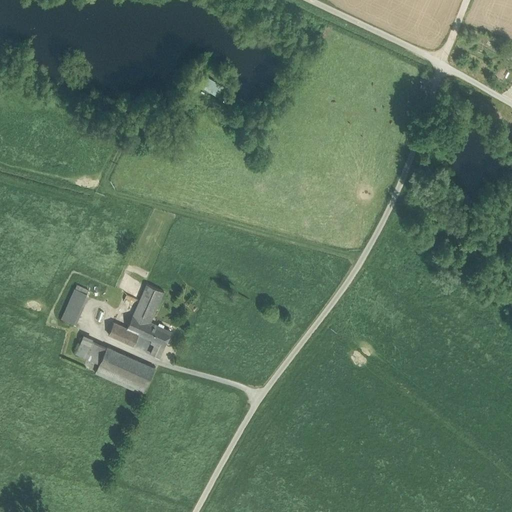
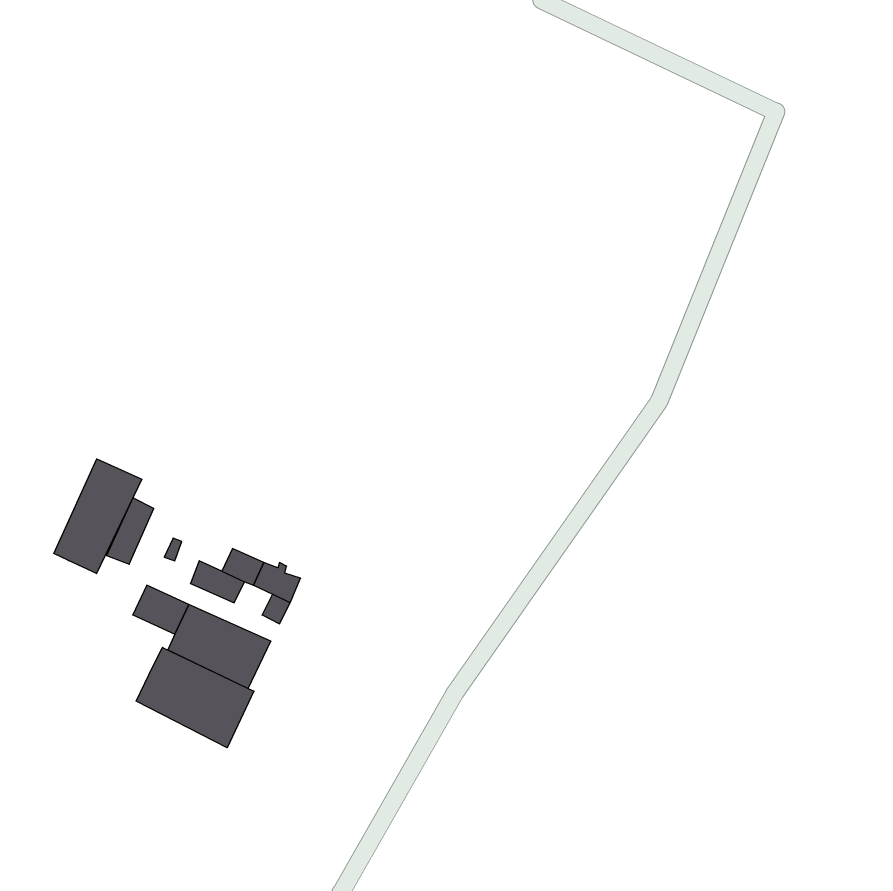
building: none -> [54,459,142,574]
building: [133,284,165,323] -> none
building: none -> [136,647,254,748]

